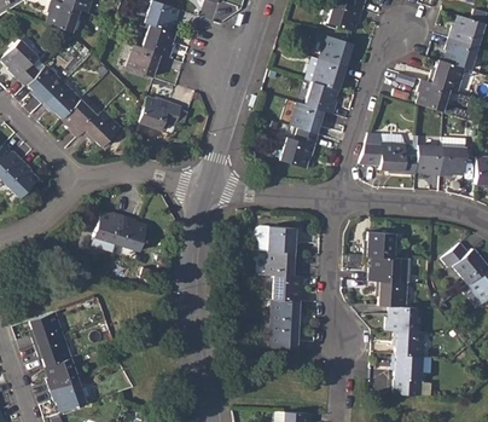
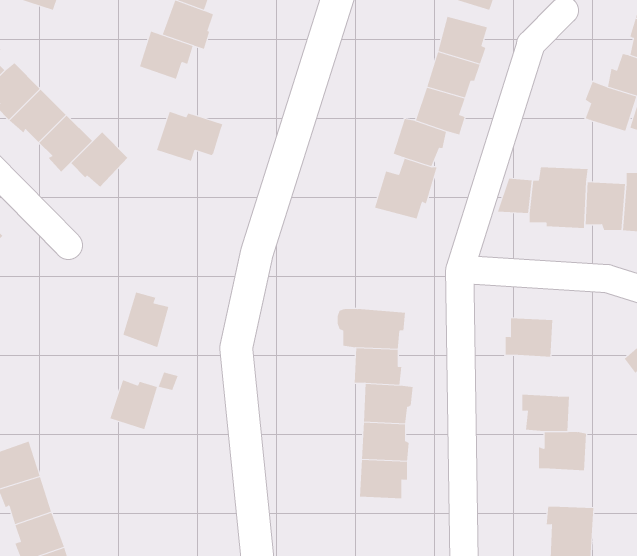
building: [93,209,124,242] -> [109,379,158,430]
building: [368,255,400,282] -> none
building: [391,329,423,354] -> none

